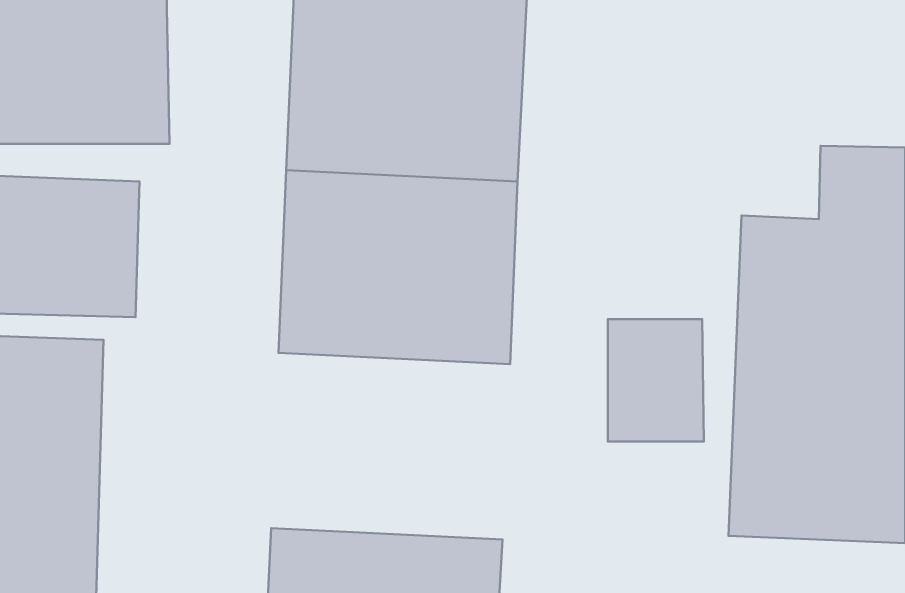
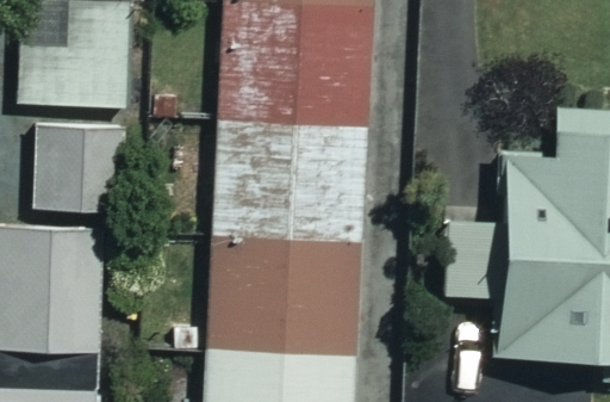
building: none -> [207,240,359,357]

